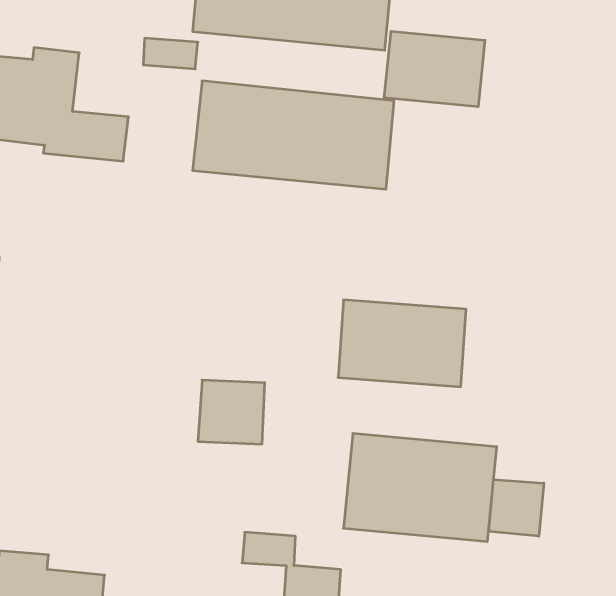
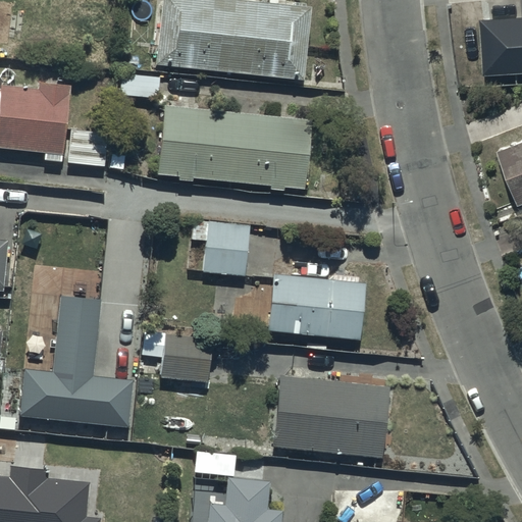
building: [384,31,485,107] -> none
building: none -> [202,221,251,276]
building: none -> [15,293,130,423]
building: [489,480,544,536] -> none

